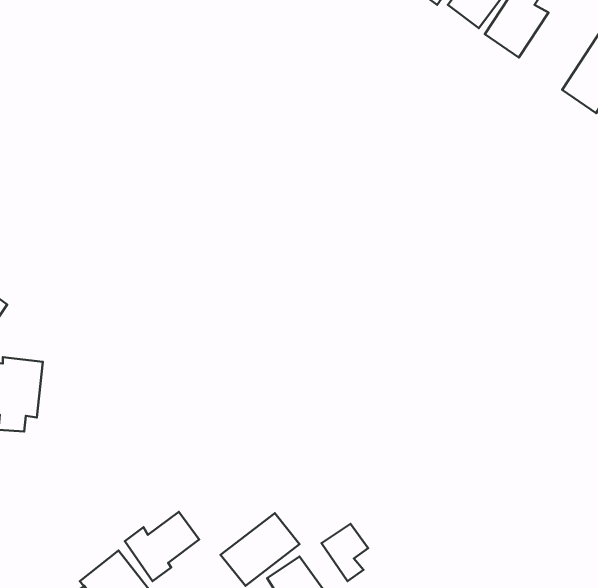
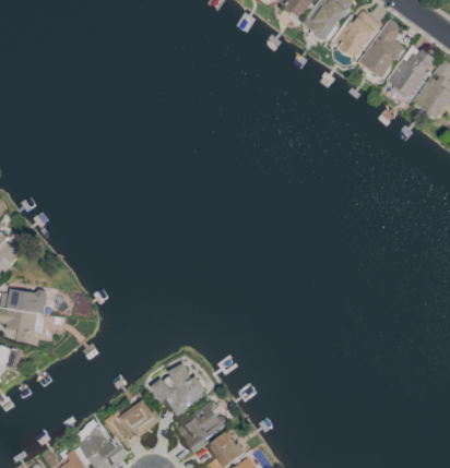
building: none -> [388,44,435,96]
building: none -> [152,362,208,416]
building: [321,524,368,581] -> none

